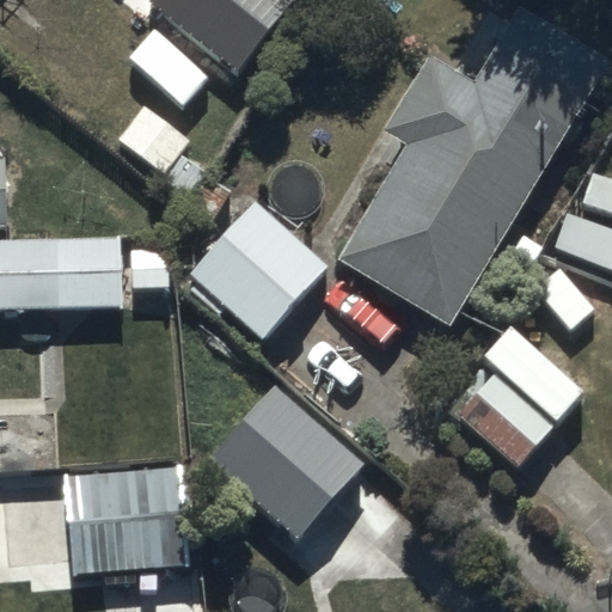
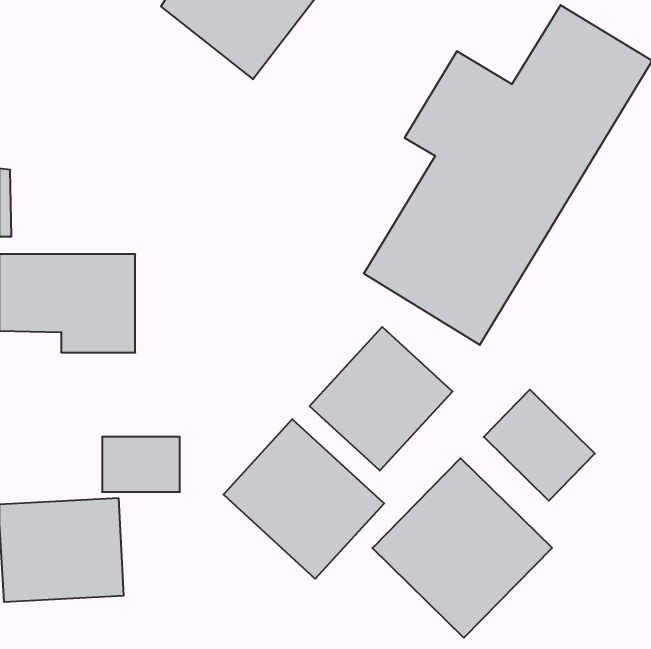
building: [186,198,324,336] -> none
building: none -> [310,327,453,471]
building: none -> [372,458,552,638]

